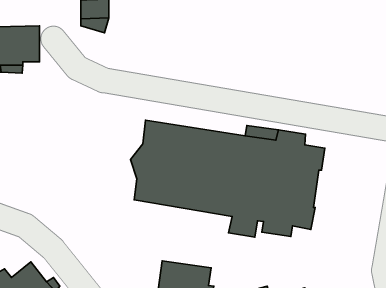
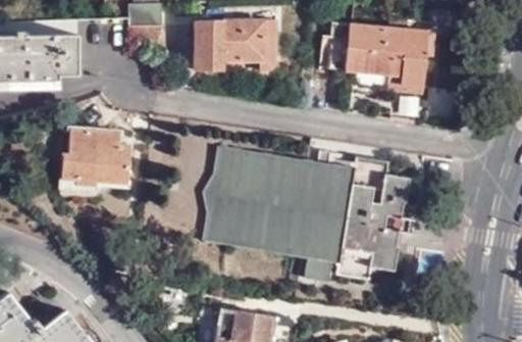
building: none -> [325,18,434,92]
building: none -> [194,20,275,70]
building: none -> [61,128,132,188]

